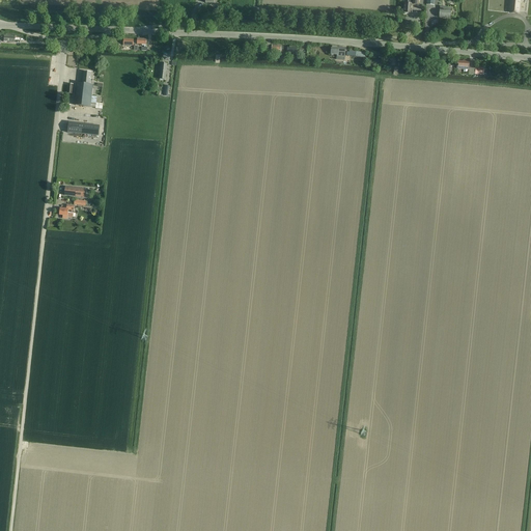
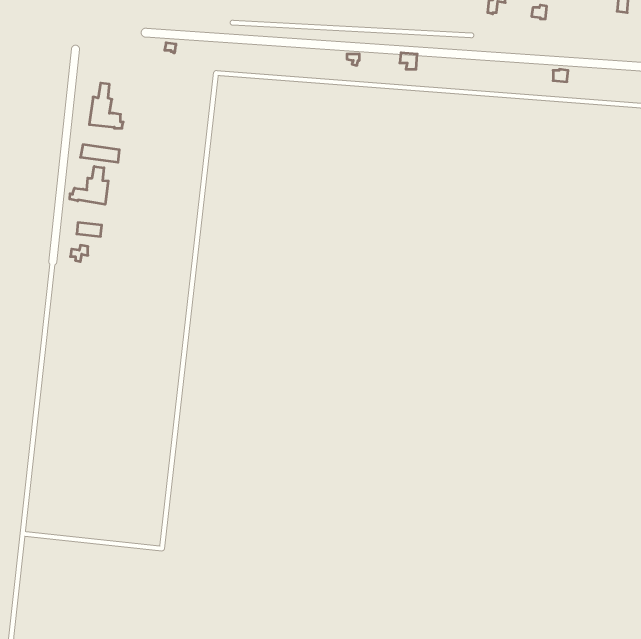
building: none -> [70,166,108,204]

